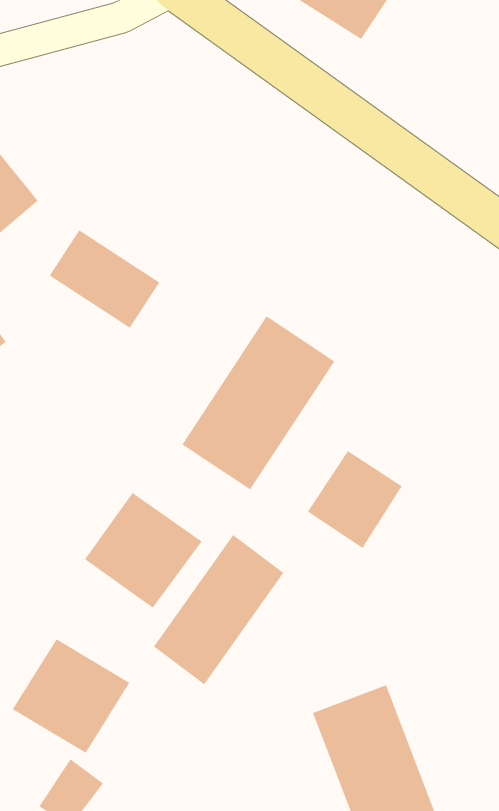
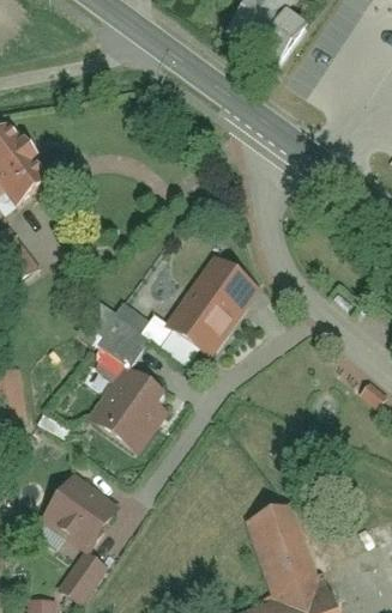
building: [49,230,160,329] -> [73,298,149,365]
building: [307,450,402,549] -> none
building: [153,534,284,685] -> none

